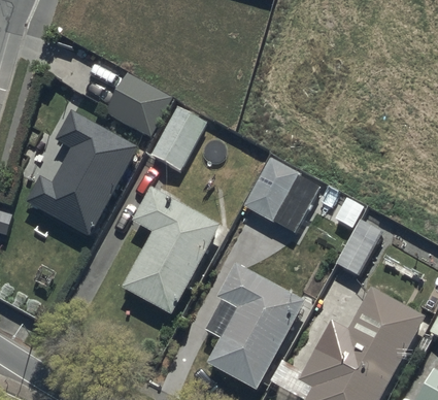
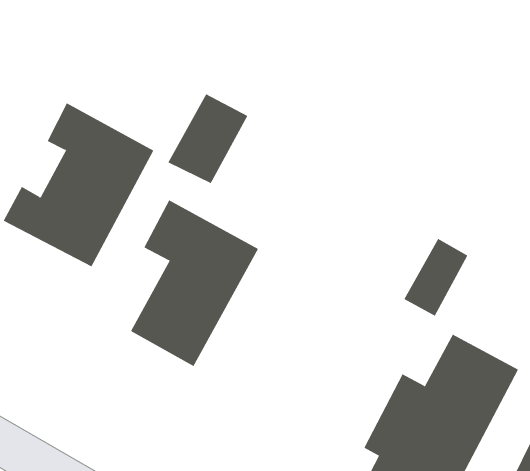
building: [104,71,171,136] -> none
building: [242,155,322,233] -> none
building: [207,262,305,391] -> none

